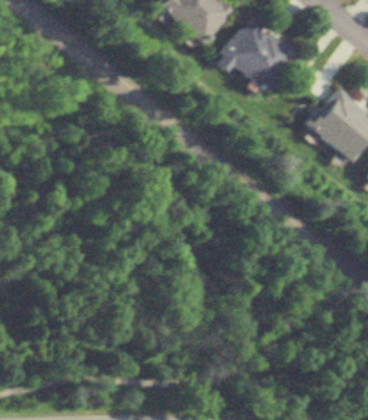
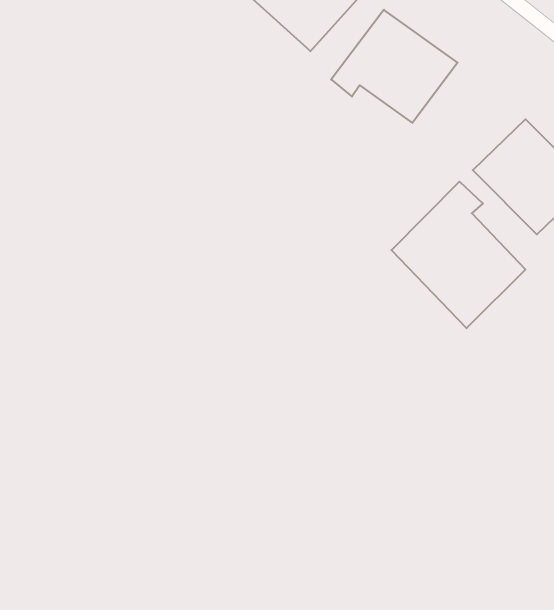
building: none -> [391,182,525,328]

